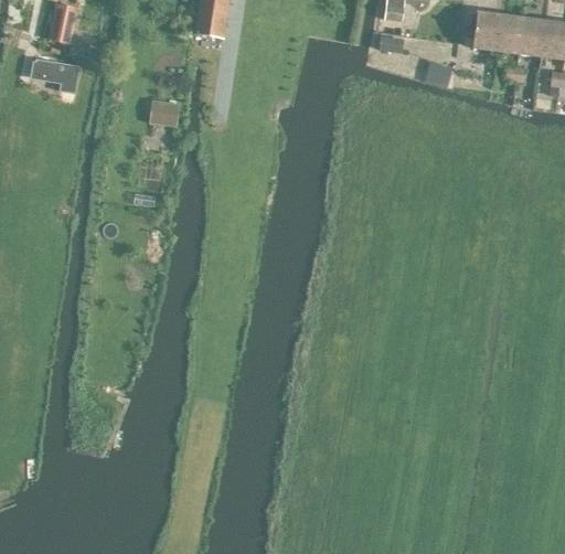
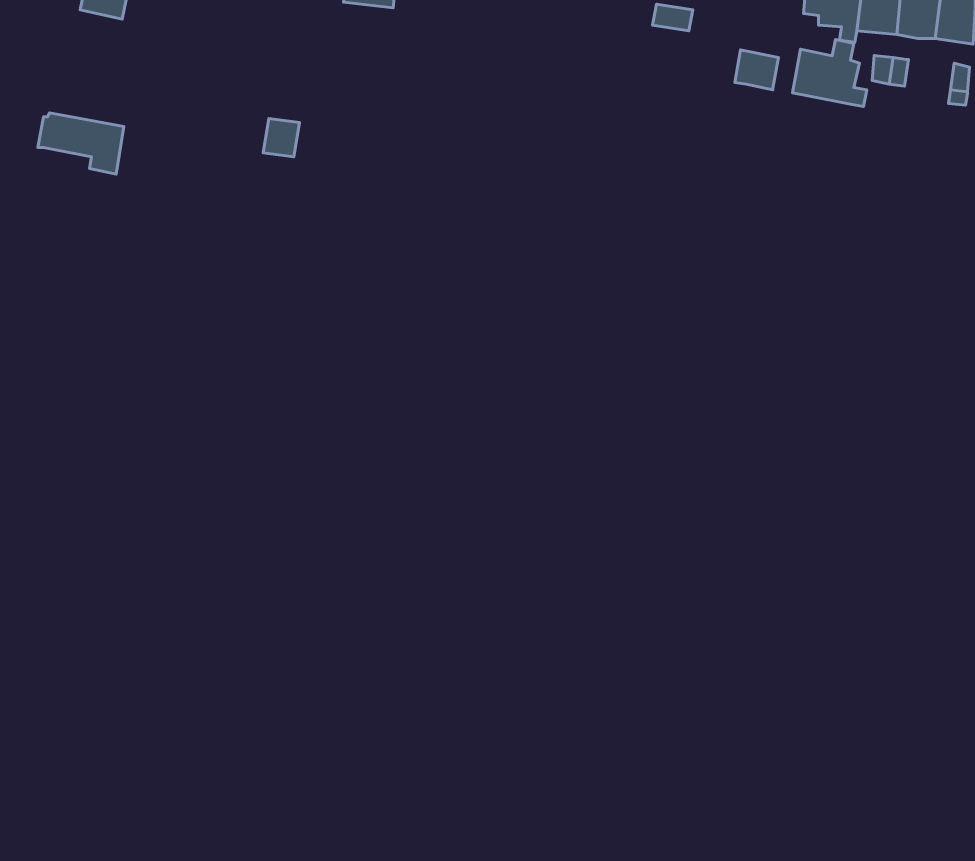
building: none -> [793,39,867,106]
building: [29,56,78,92] -> [38,113,124,174]

